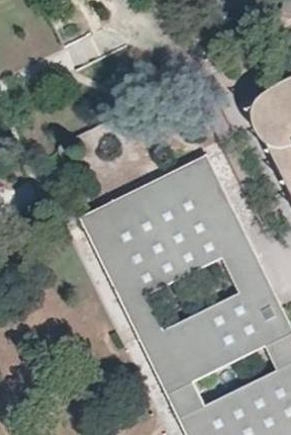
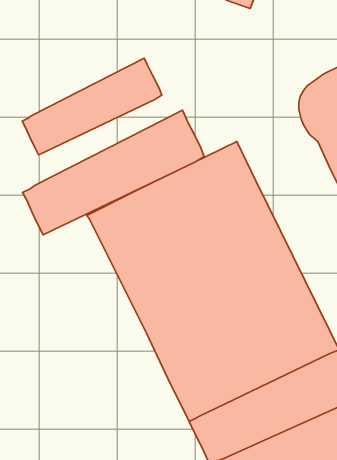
building: none -> [22,58,162,155]
building: none -> [22,110,204,235]

